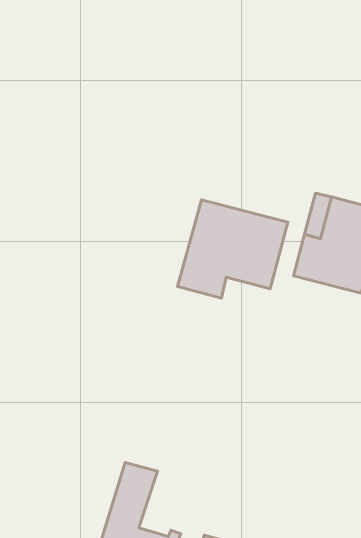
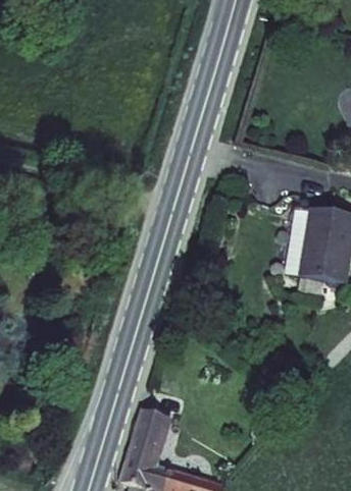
building: [178,200,288,298] -> none

